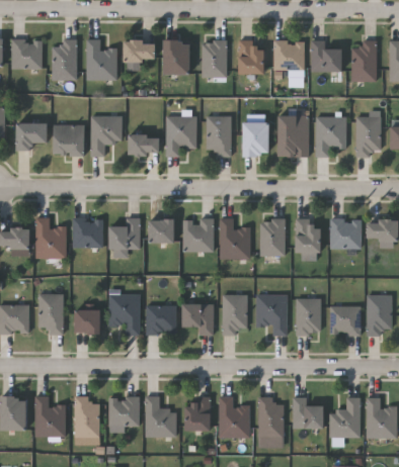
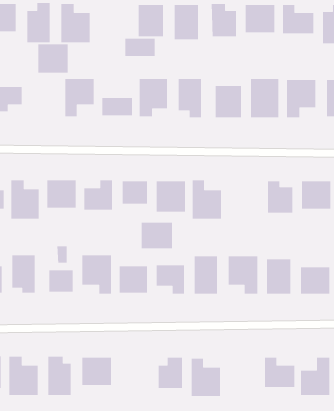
building: [126,41,157,61] -> [125,38,156,57]
building: [54,124,85,155] -> [37,43,68,73]
building: [260,218,285,255] -> none
building: none -> [141,222,173,249]
building: [145,395,175,436] -> none
building: [258,396,283,437] -> none

